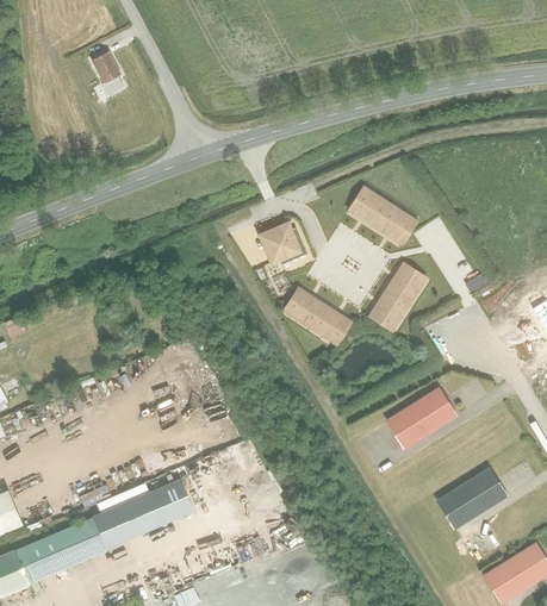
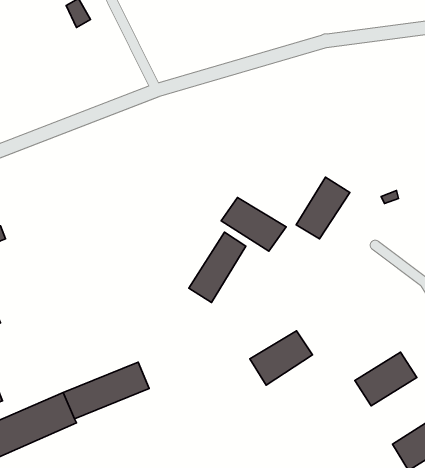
building: [347,185,418,245] -> none
building: [256,219,303,263] -> none
building: none -> [189,232,246,302]
building: [385,387,459,451] -> [250,331,313,385]

